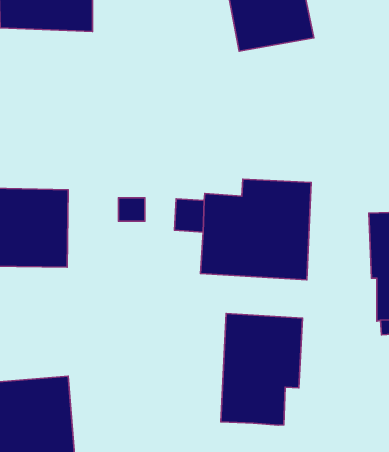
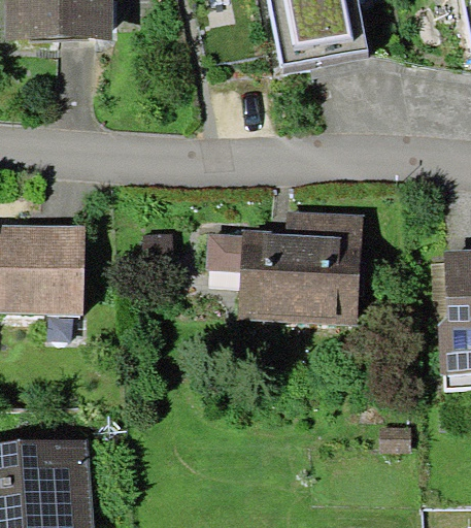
building: [221,314,302,425] -> none

